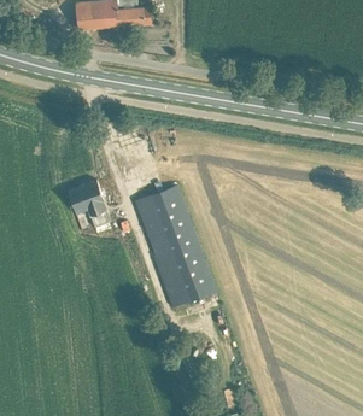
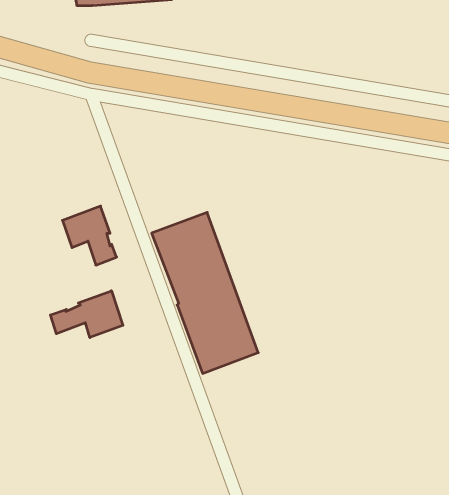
building: none -> [50,291,123,338]

